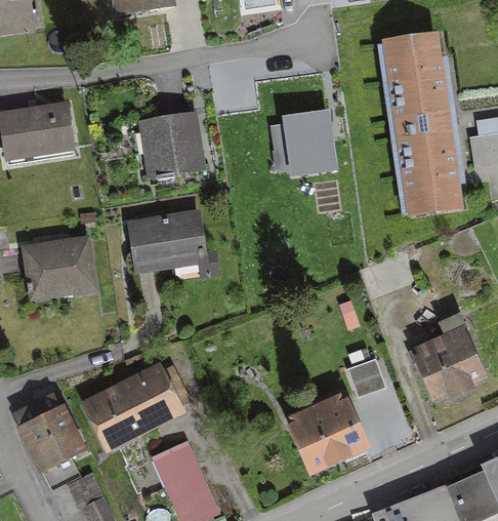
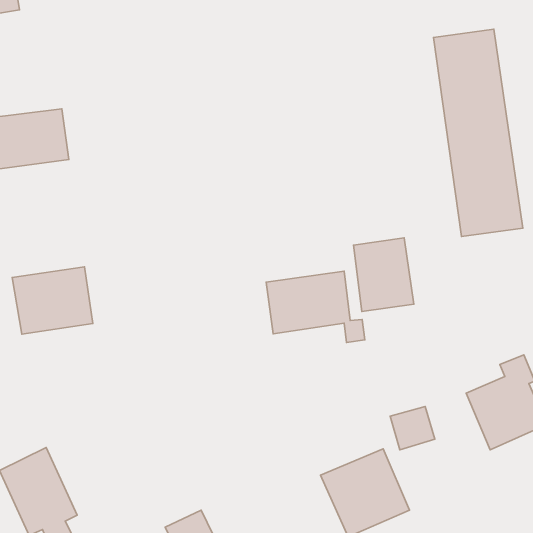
building: [286,109,337,171] -> [353,238,414,312]
building: [141,115,201,175] -> none
building: [131,215,215,276] -> [266,271,365,342]
building: [85,367,188,445] -> none

